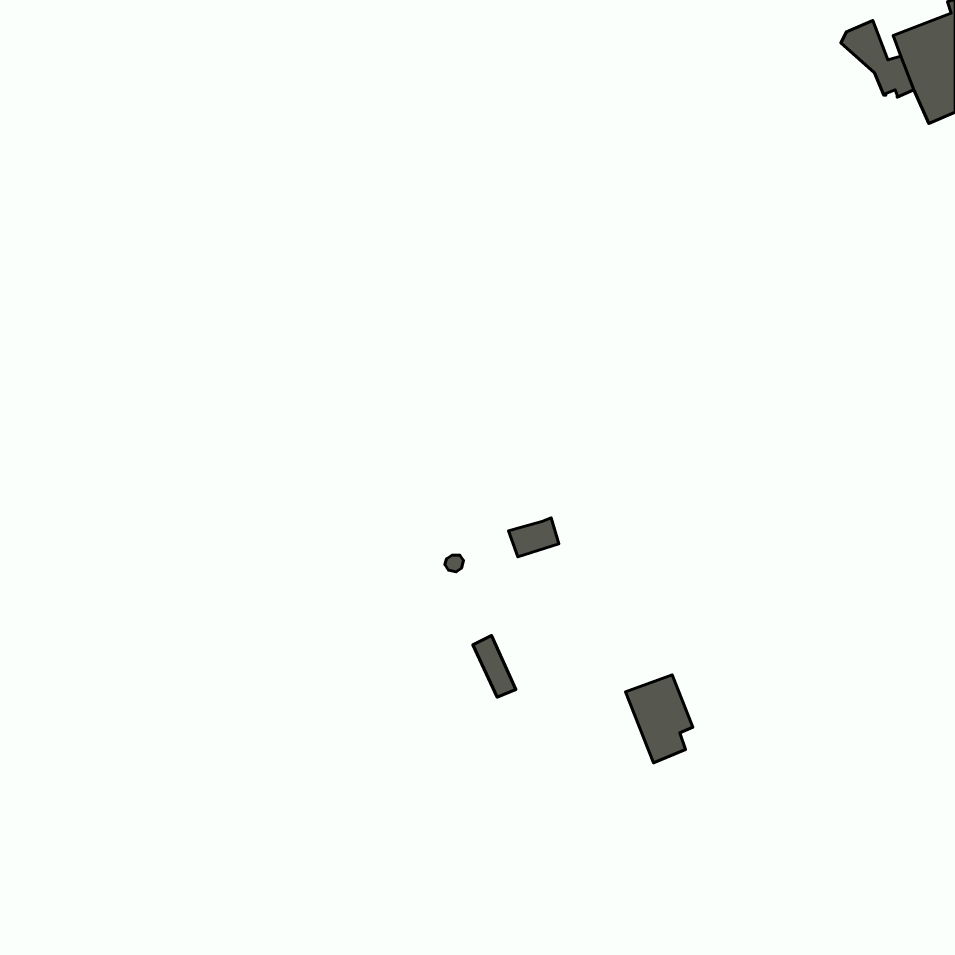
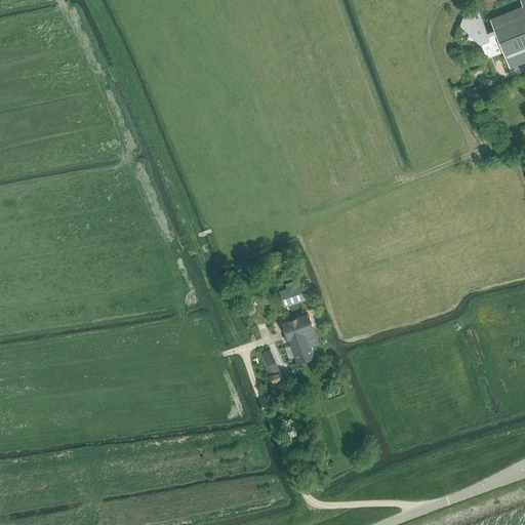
building: [626,675,693,763] -> [282,314,319,362]

